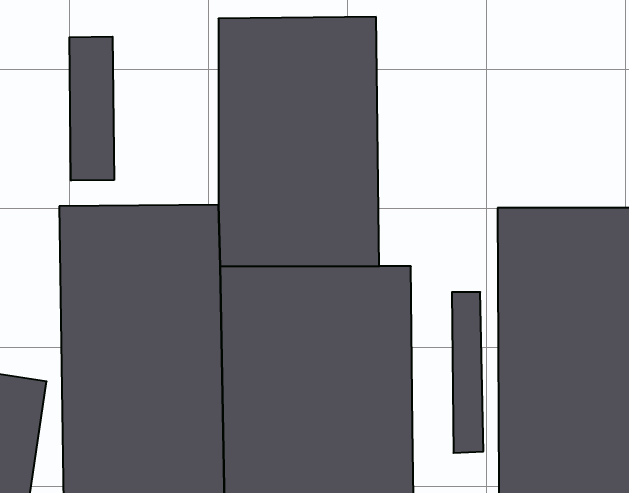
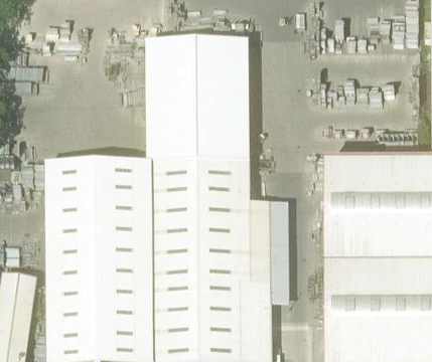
building: [69,37,114,181] -> none
building: [452,292,483,453] -> [269,197,289,300]

